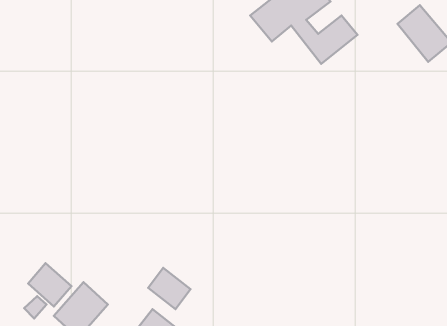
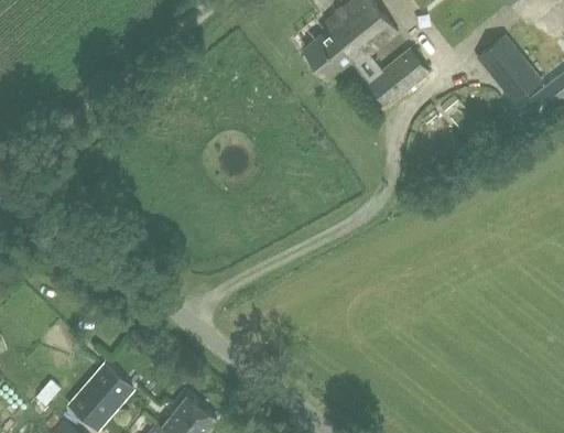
building: [28,263,72,307] -> none
building: [148,268,191,309] -> none

